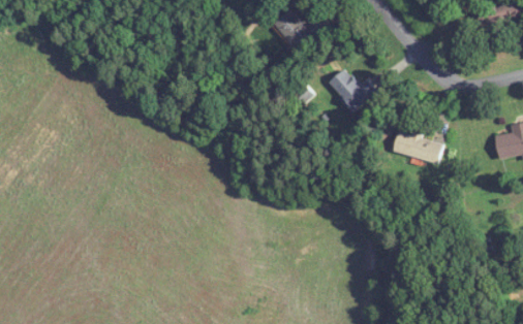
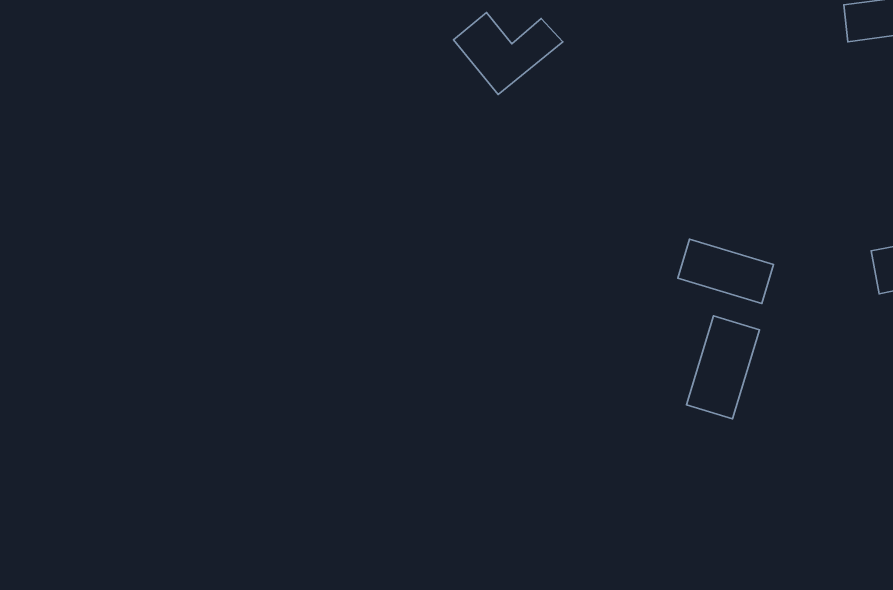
building: [329,69,378,111] -> none
building: none -> [687,316,760,419]

